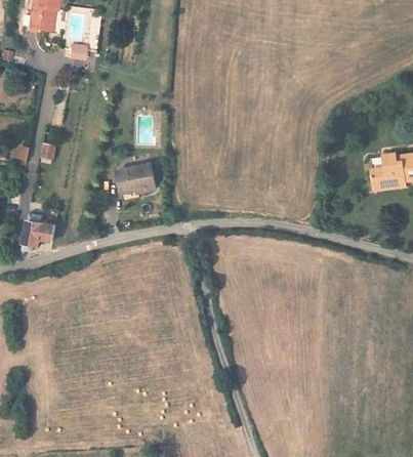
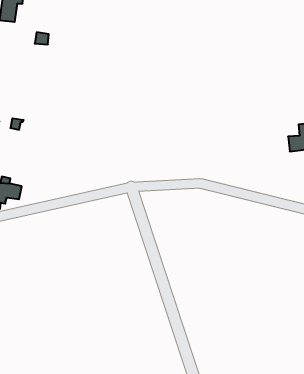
building: [114,158,153,185] -> none

